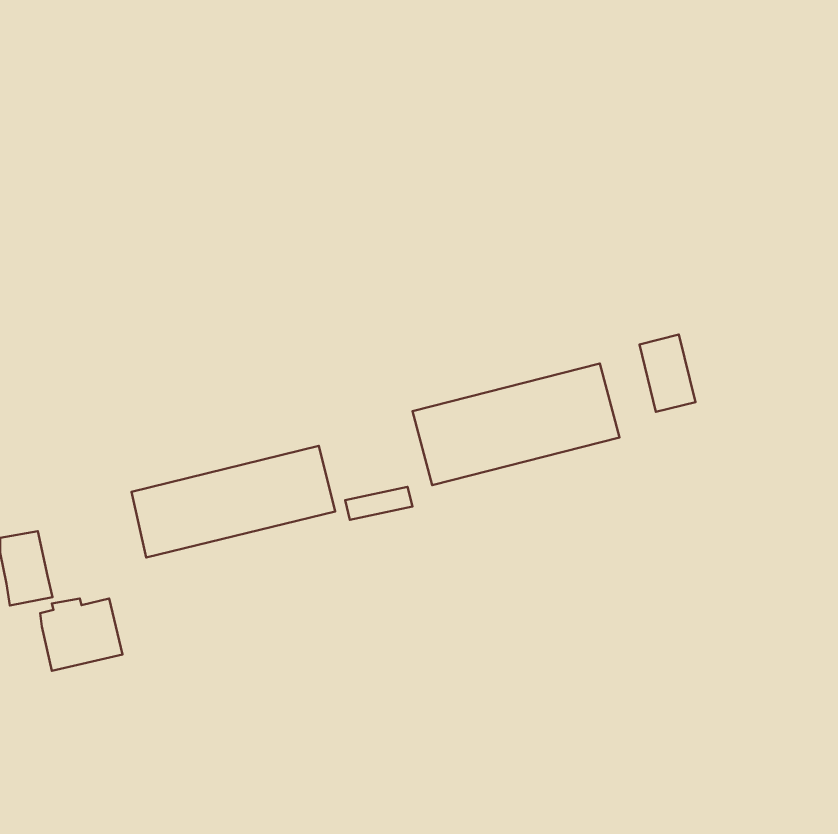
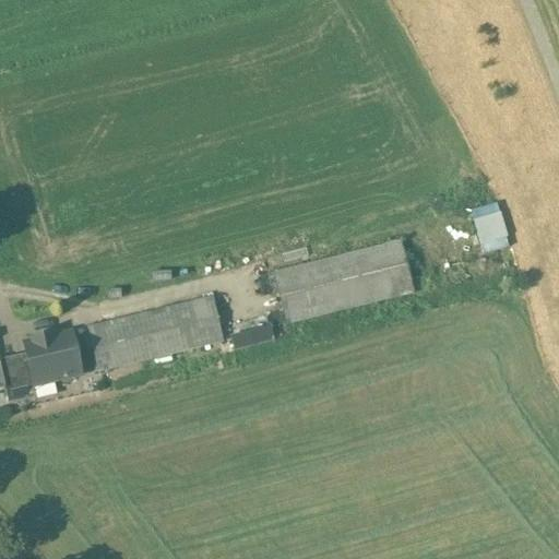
building: [639,335,695,412] -> [472,200,509,251]
building: [40,598,122,671] -> [25,334,80,382]

